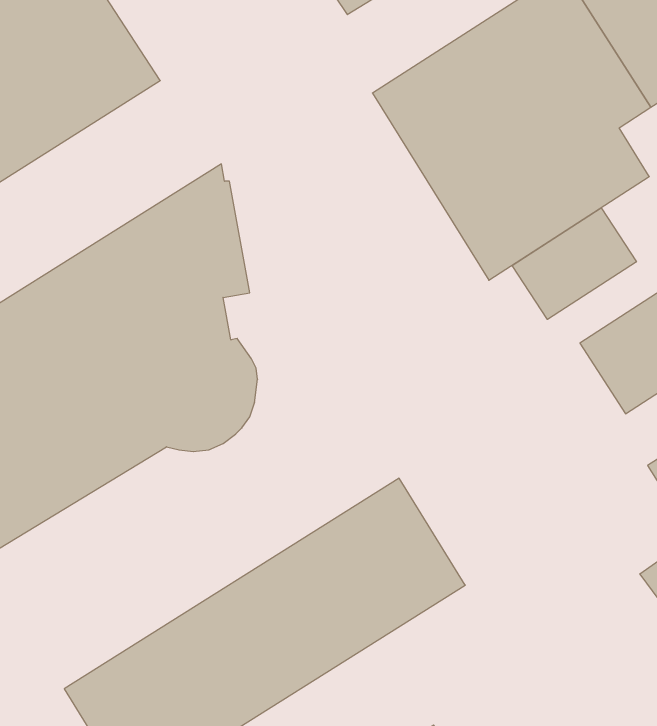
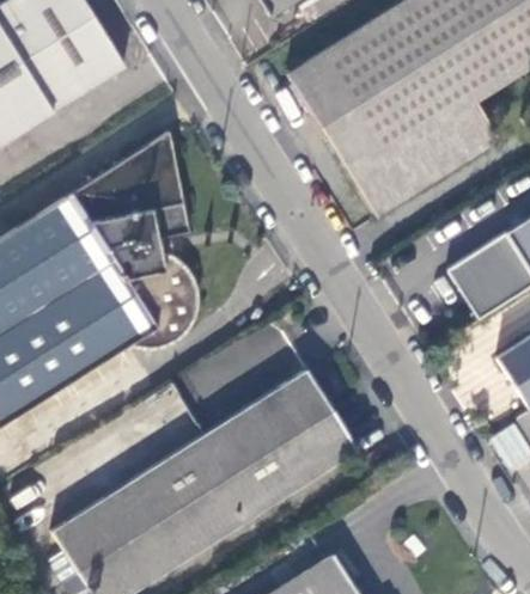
building: [512,208,636,319] -> none

